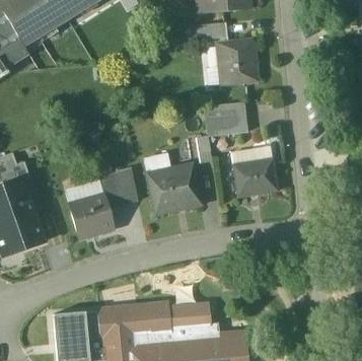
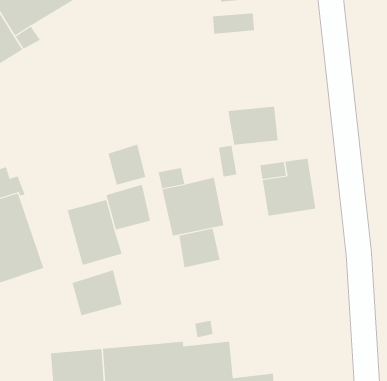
building: [217,40,258,84] -> none
building: none -> [108,144,146,185]
building: none -> [179,228,220,268]
building: none -> [72,270,122,316]

